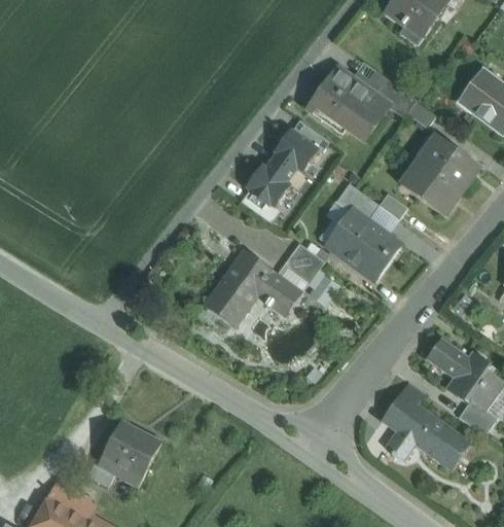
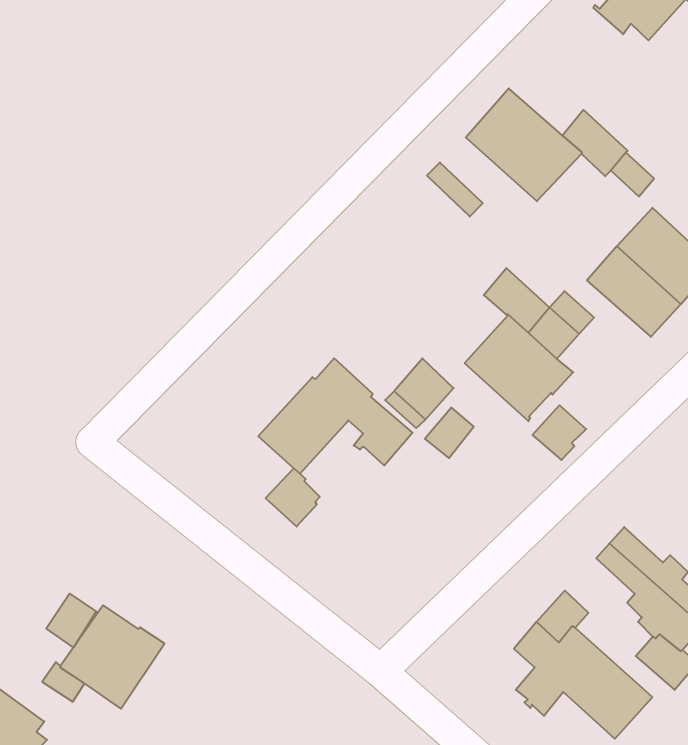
building: [246,131,318,211] -> none
building: none -> [533,405,586,460]
building: none -> [266,468,320,527]
building: none -> [46,594,96,648]

